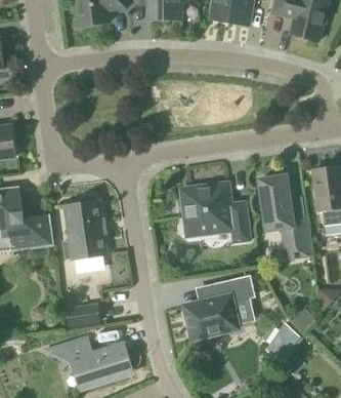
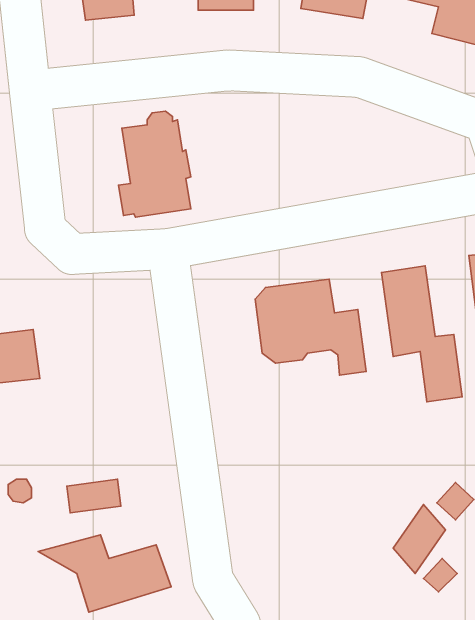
building: [62,195,106,260] -> [119,111,191,217]
building: [183,276,254,339] -> none

